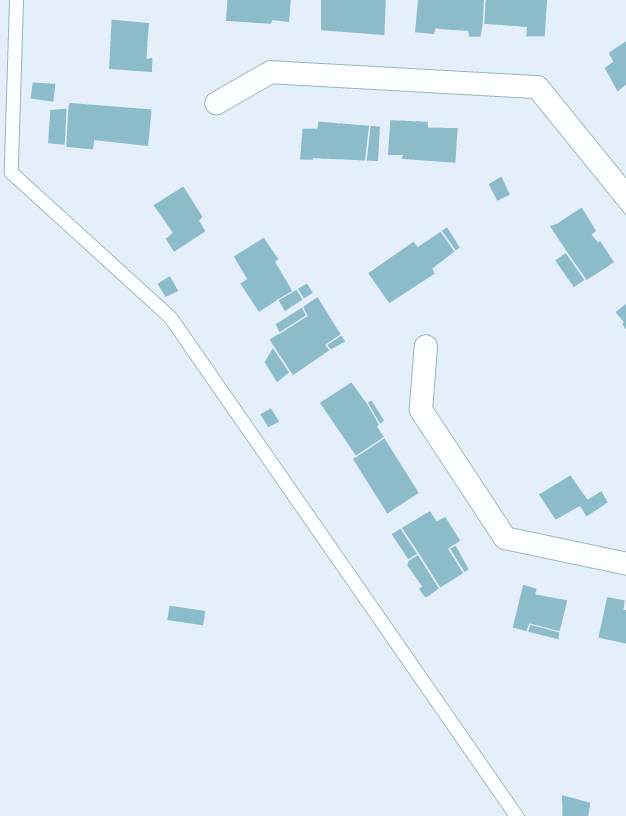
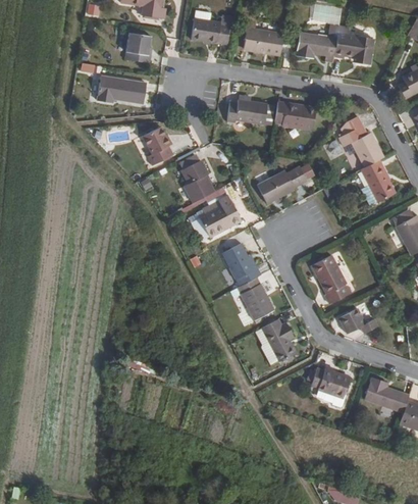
building: none -> [338,116,383,168]
building: none -> [313,256,349,303]

